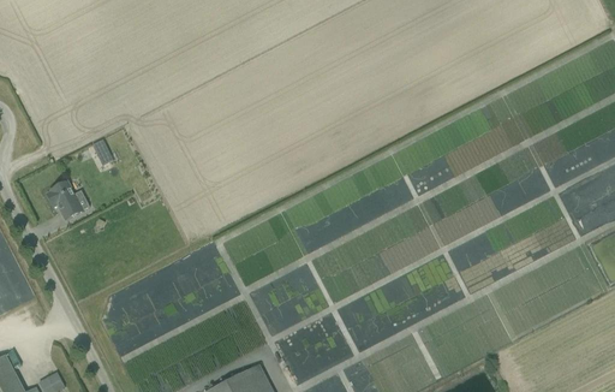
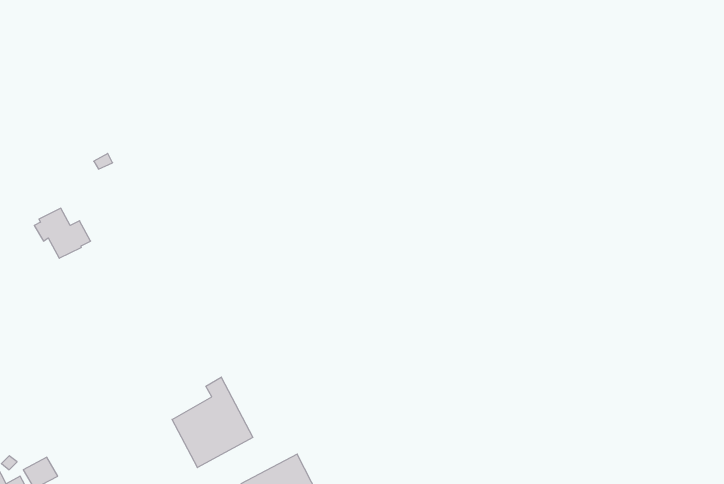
building: none -> [172,377,253,468]

